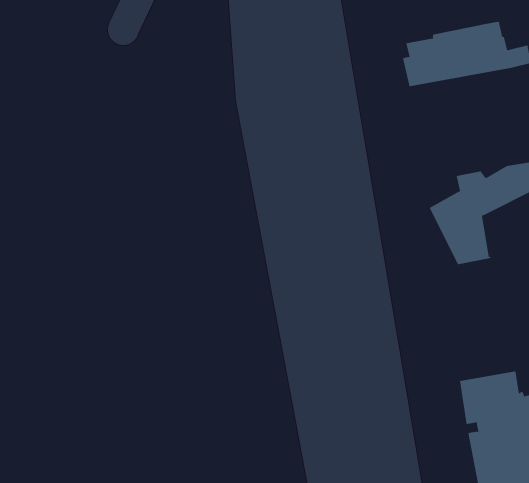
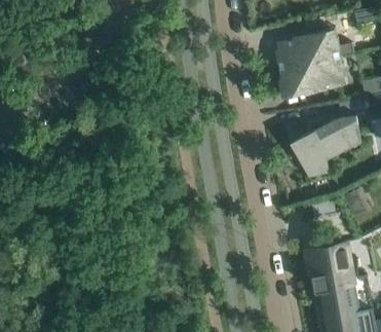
building: none -> [278,58,344,97]

